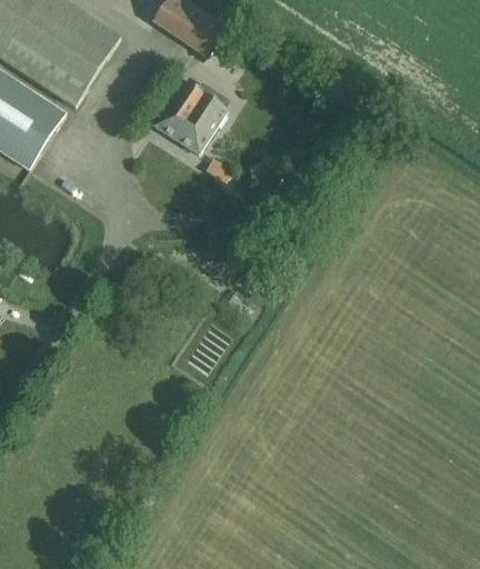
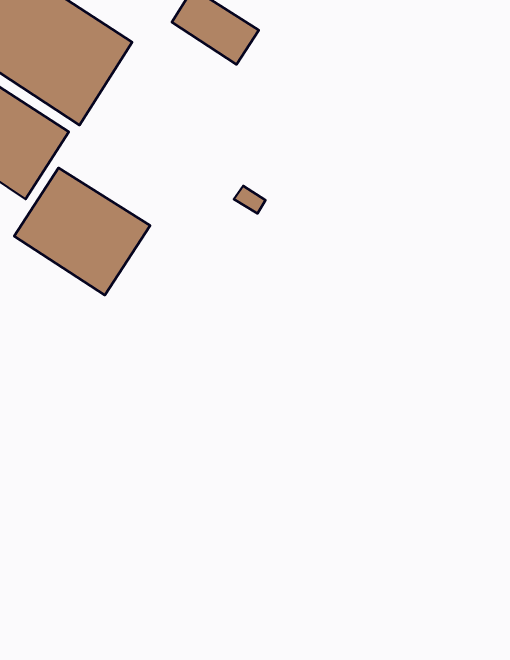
building: [154,80,227,152] -> none
building: none -> [14,168,150,295]

